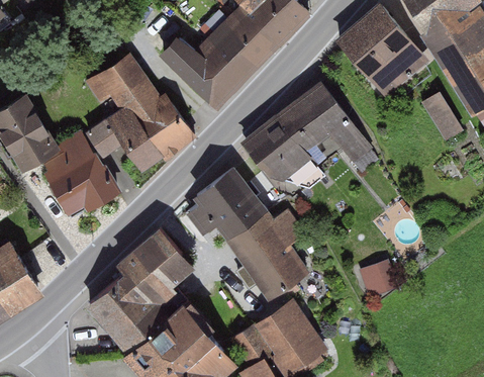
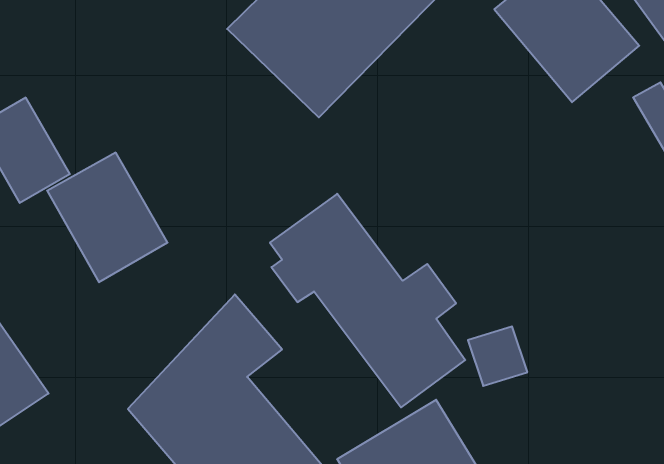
building: [81,49,194,174] -> none
building: [251,89,380,184] -> none
building: [362,257,401,296] -> [468,326,527,386]

